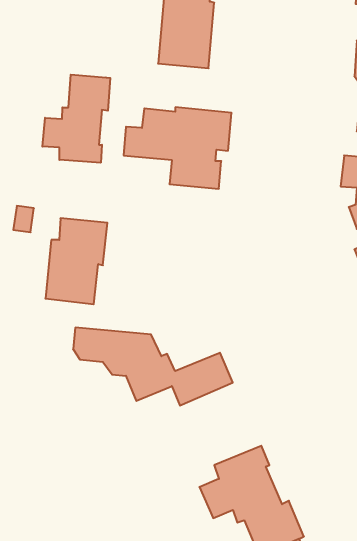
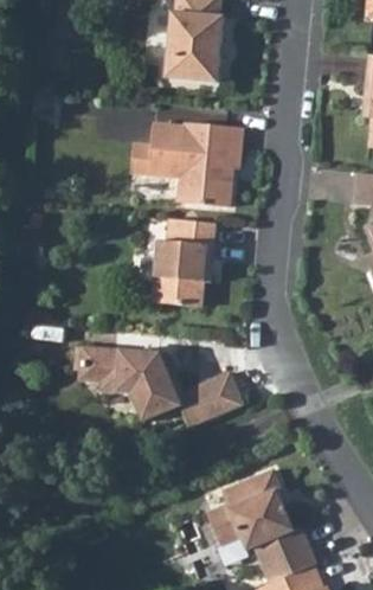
building: [42,75,110,163] -> none
building: [45,218,107,304] -> [153,218,217,307]

